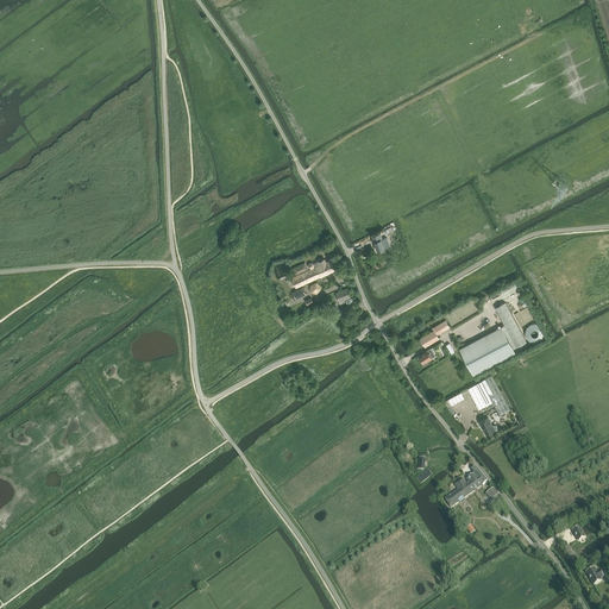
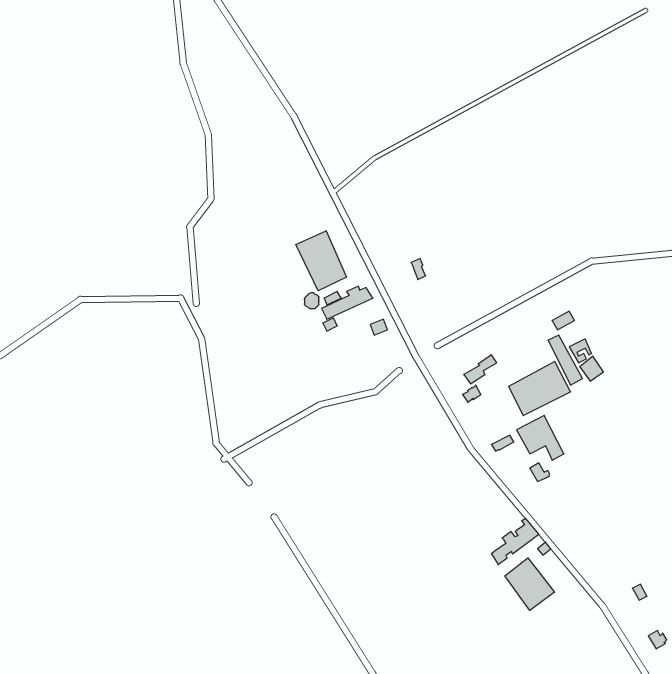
building: none -> [296,231,346,291]
building: none -> [505,558,555,611]

